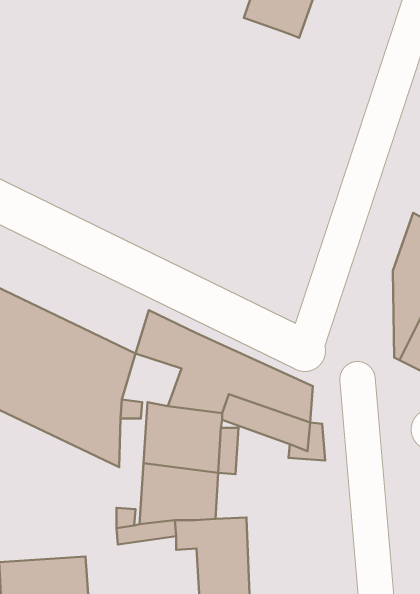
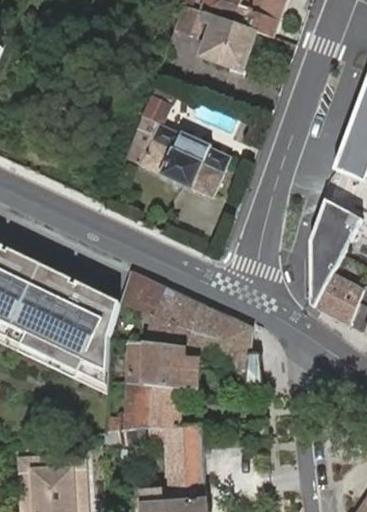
building: none -> [126,96,231,199]

